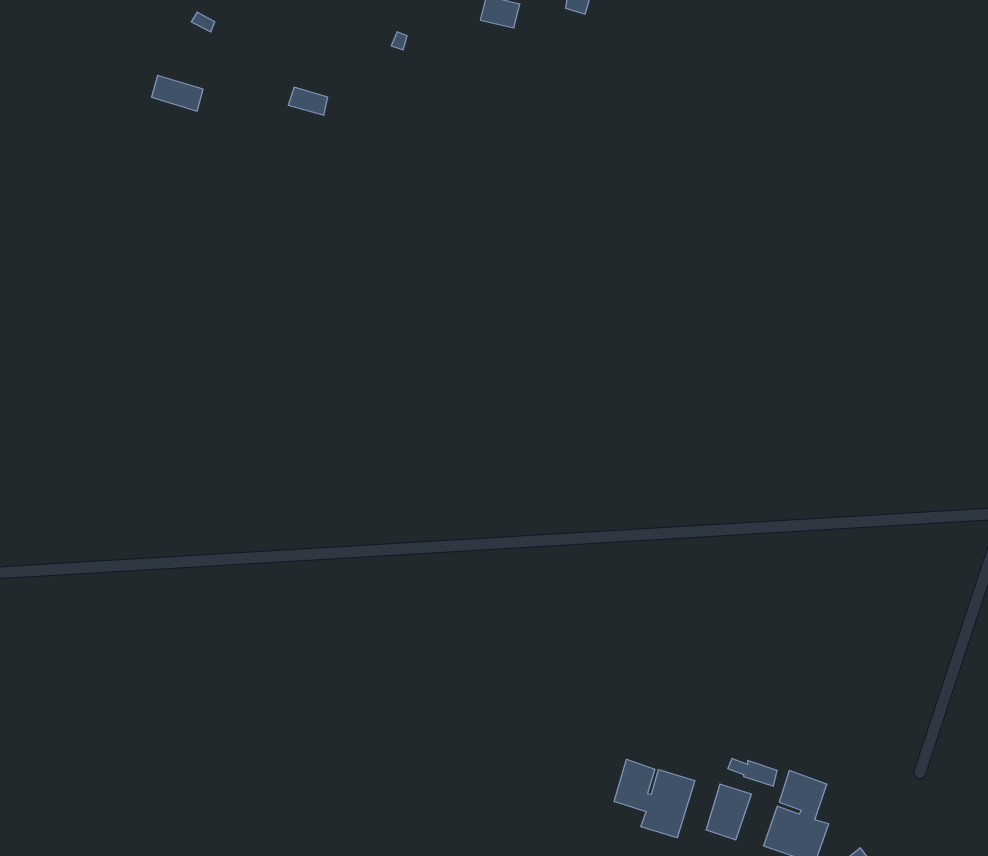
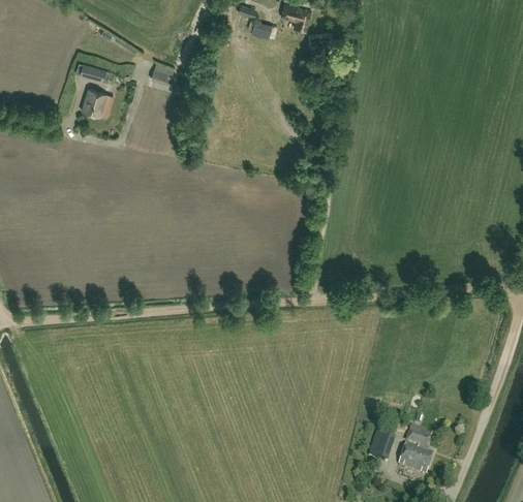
building: none -> [82,89,106,117]
building: [614,759,695,838] -> none

